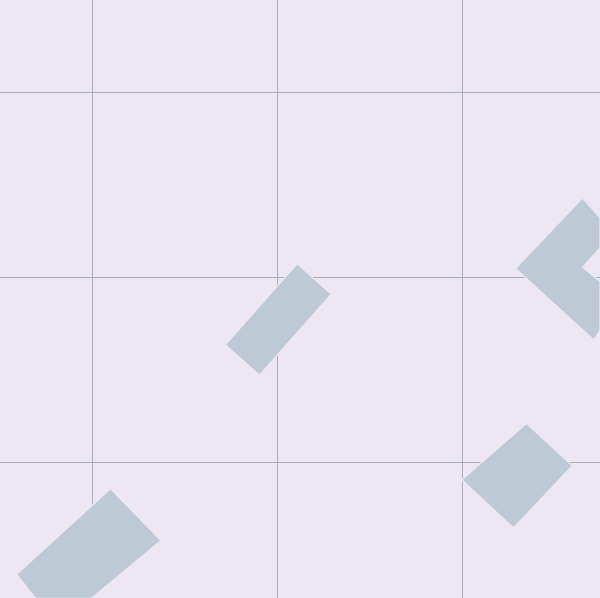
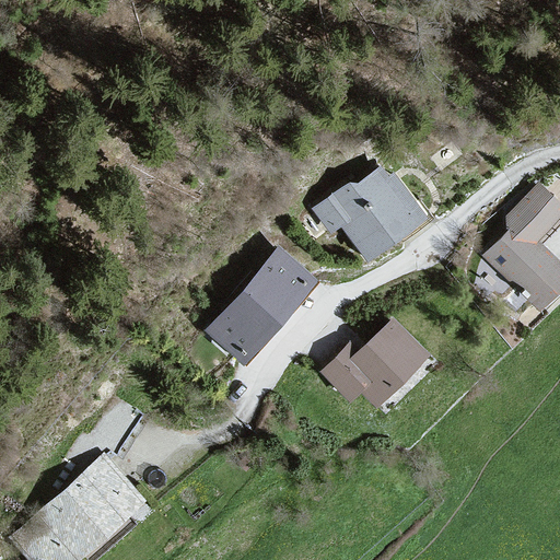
building: none -> [318,171,439,267]
building: [462,424,572,528] -> [332,318,435,416]

